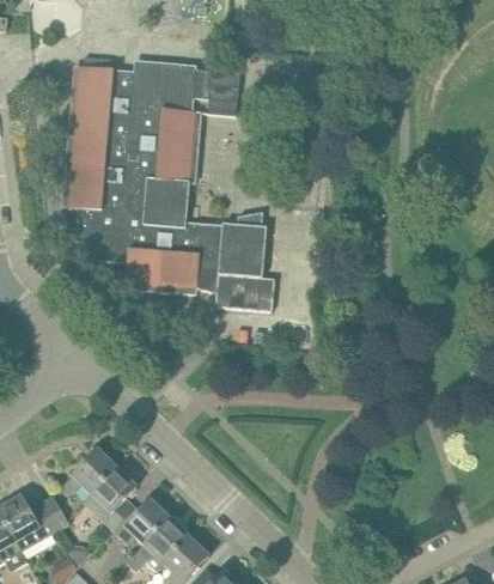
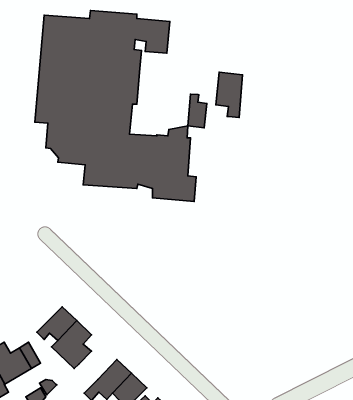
building: none -> [216,72,242,117]
building: none -> [188,94,207,128]
building: [117,499,170,545] -> none

